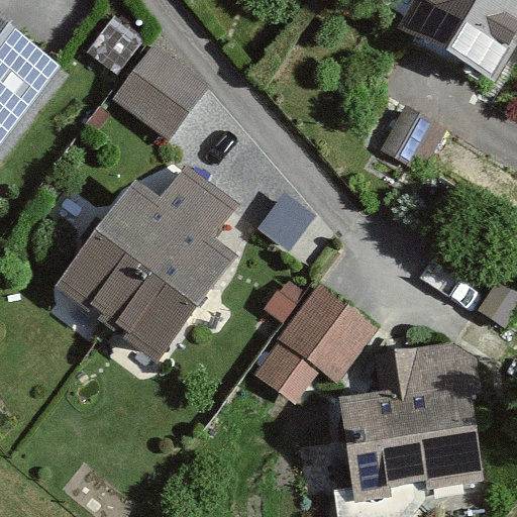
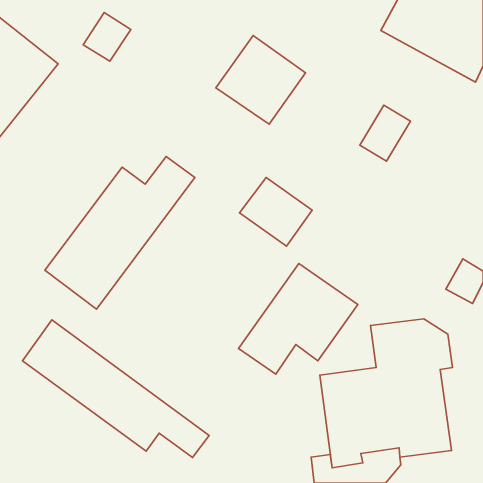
building: [117,48,212,142] -> [216,35,306,124]
building: [102,188,242,368] -> none
building: none -> [23,320,209,457]

